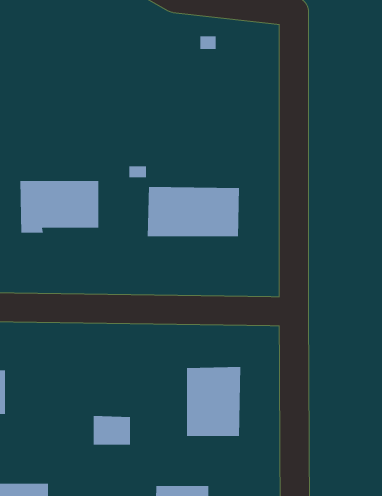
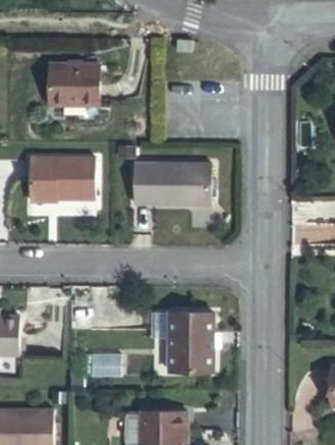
building: none -> [48,63,99,105]

